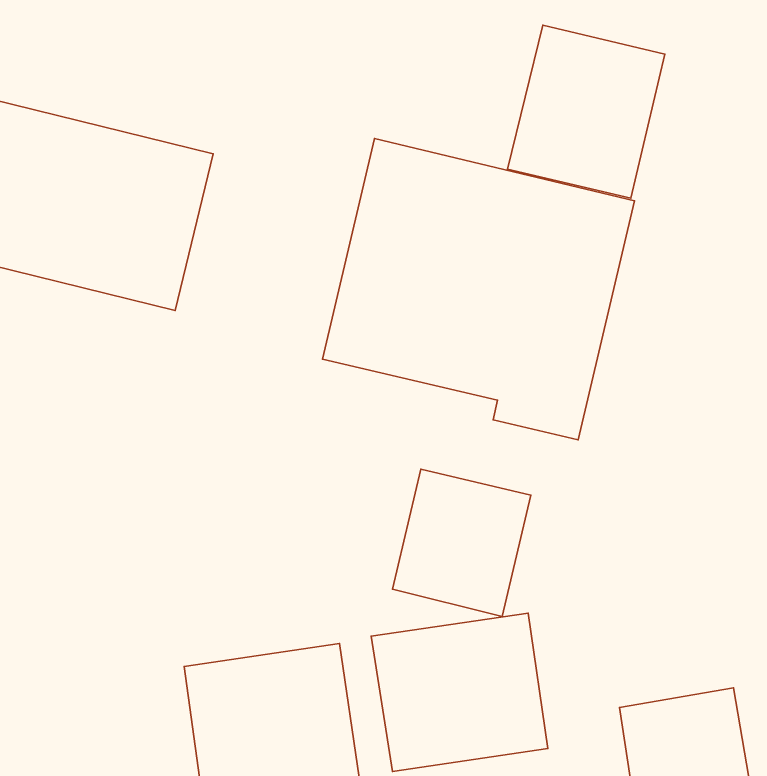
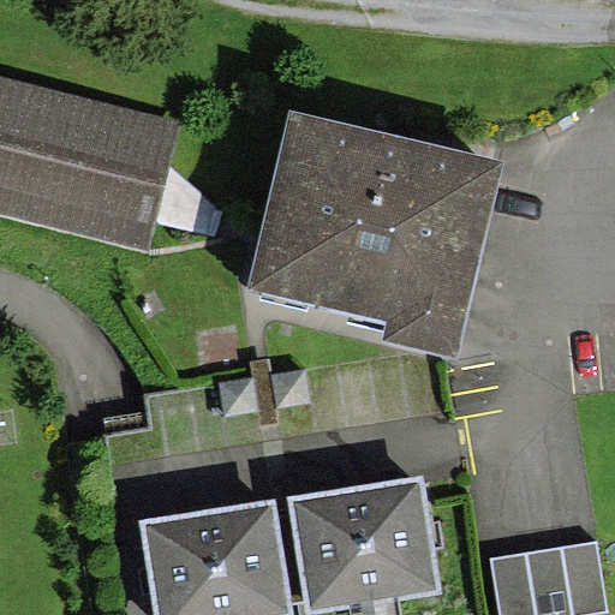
building: [508,25,665,198] -> none
building: [393,469,531,616] -> none

